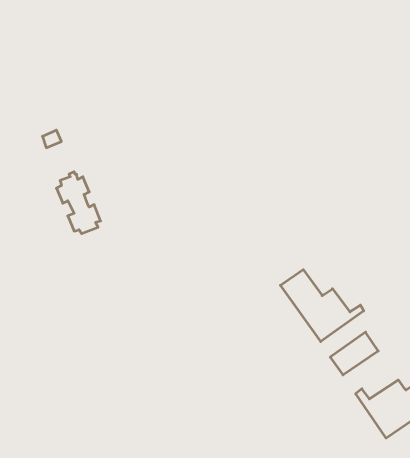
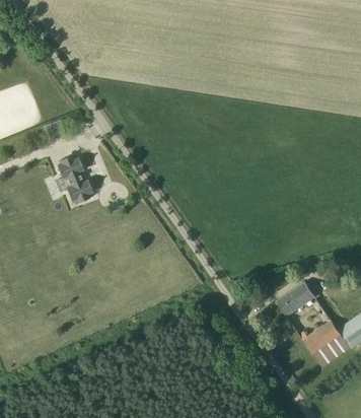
building: [280,270,364,342] -> none

